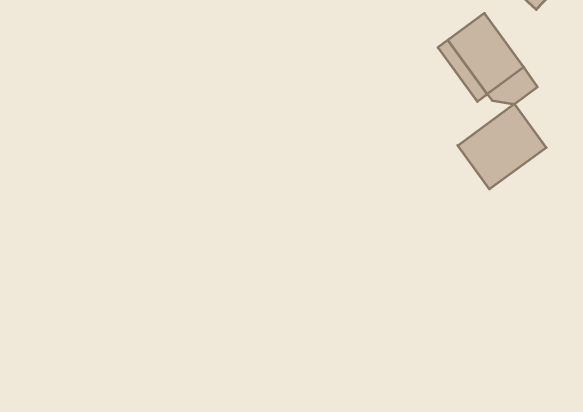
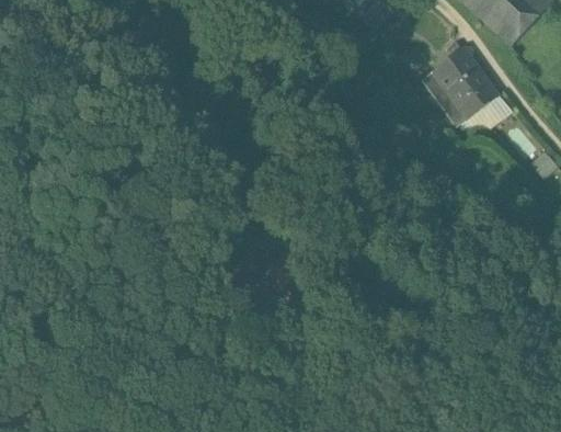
building: [458,104,546,189] -> none

